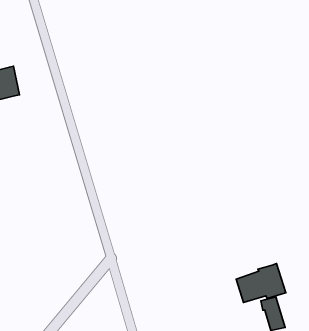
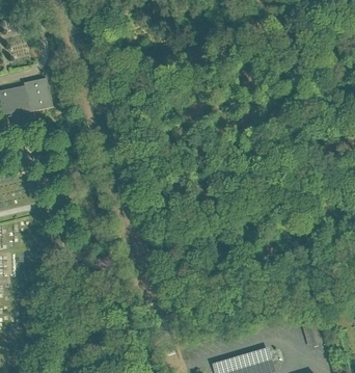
building: [236,264,286,302] -> none

